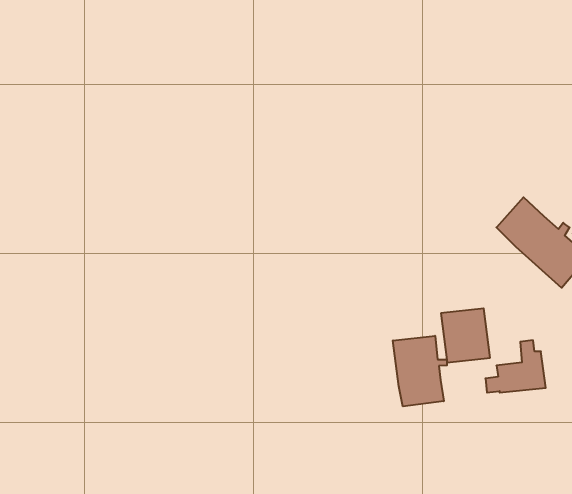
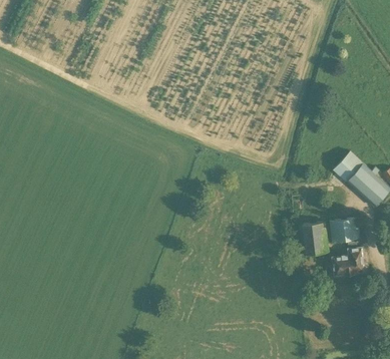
building: none -> [329,219,361,243]
building: [393,336,447,406] -> none

